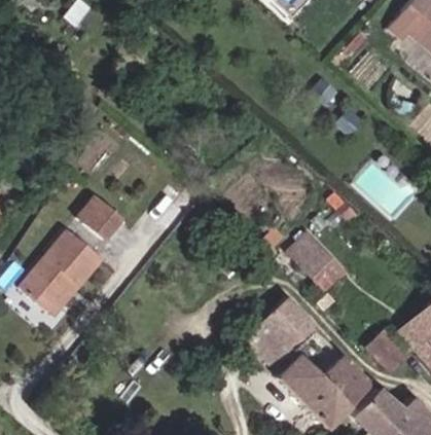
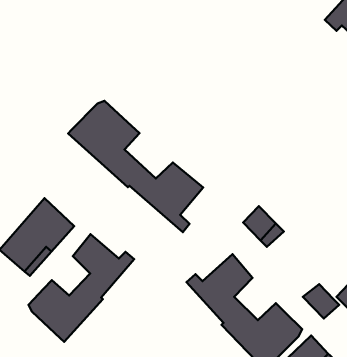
building: none -> [68,101,203,232]
building: [79,198,123,242] -> none
building: none -> [28,234,134,342]

